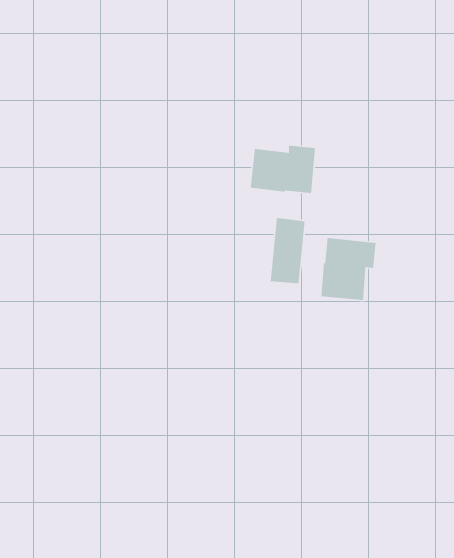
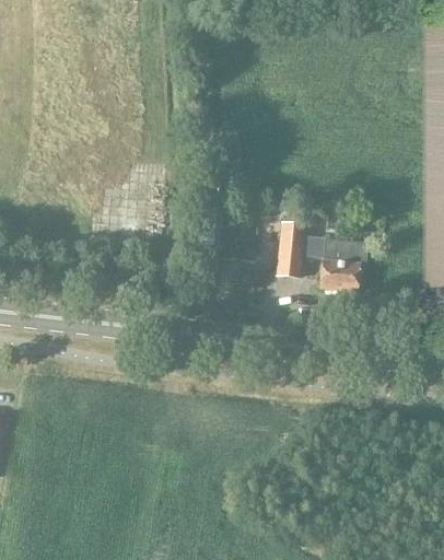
building: [250,145,316,194] -> none

